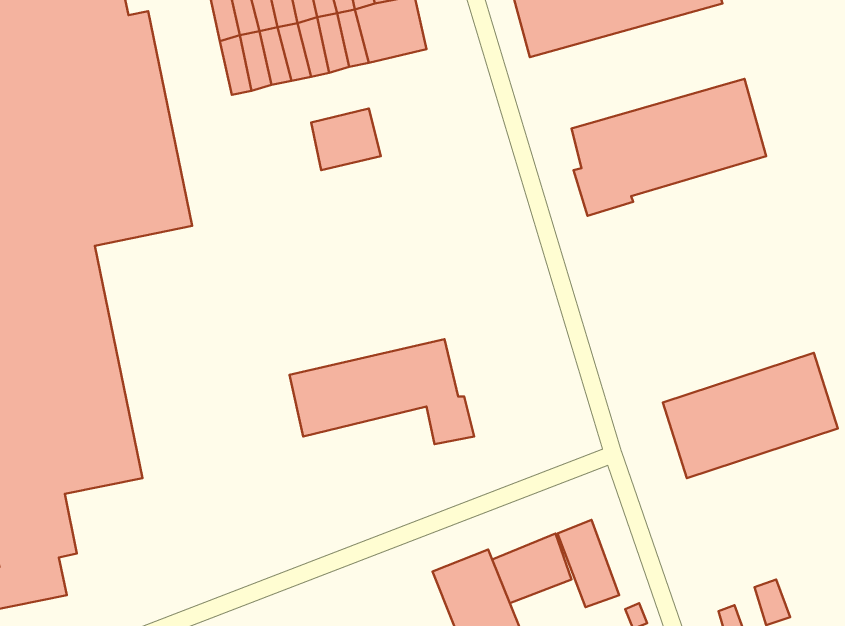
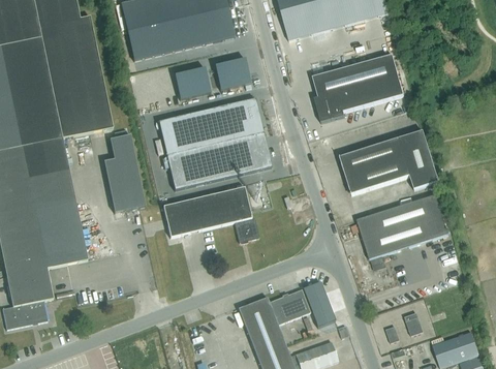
building: none -> [215,58,251,90]
building: none -> [159,98,272,190]
building: none -> [340,131,438,194]
building: none -> [104,134,146,212]

